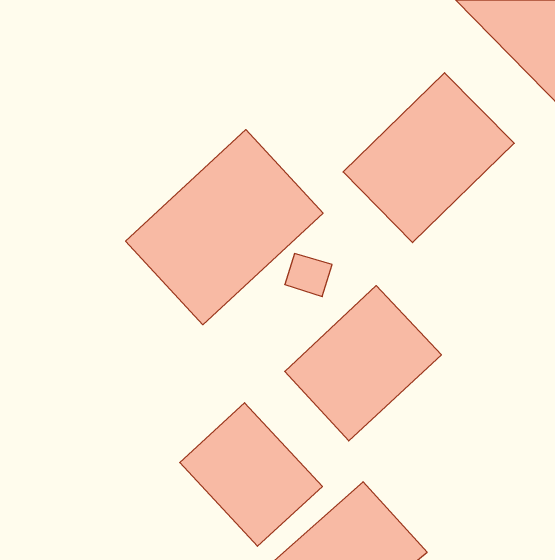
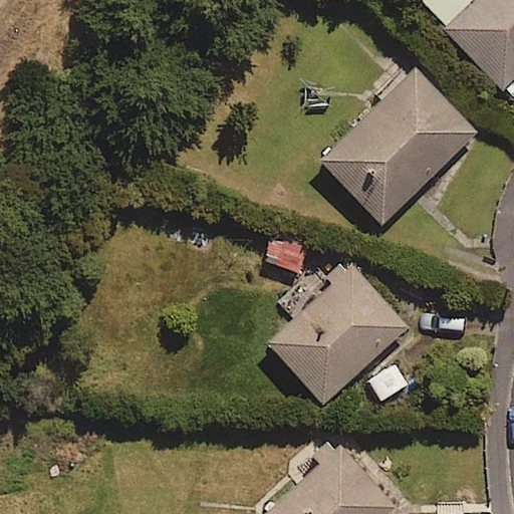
building: [126,130,323,325] -> none
building: [180,403,322,546] -> none

